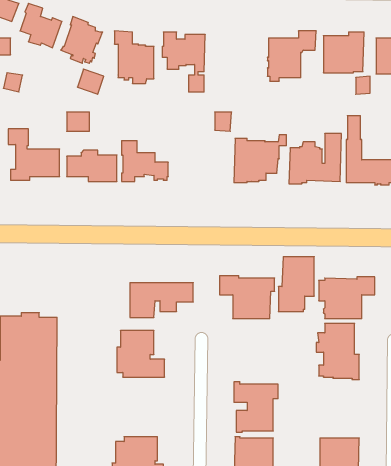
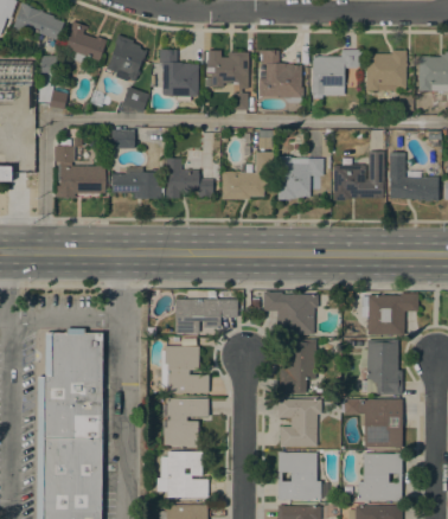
building: none -> [258,50,303,102]
building: none -> [222,152,273,199]
building: [278,257,314,312] -> [280,339,315,393]
building: none -> [161,398,207,444]
building: none -> [344,399,401,448]

